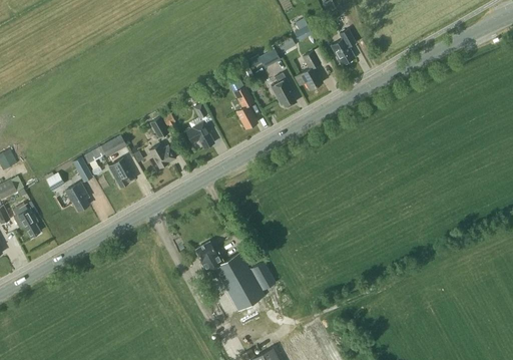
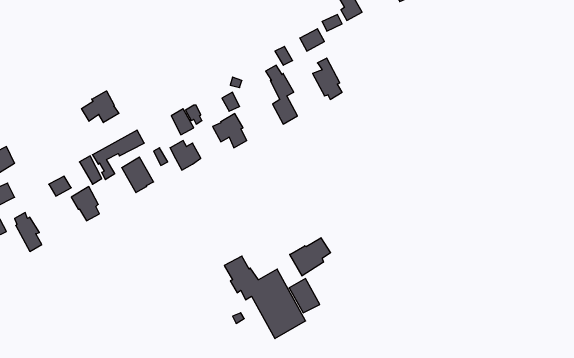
building: [331,29,356,65] -> none
building: [295,50,323,90] -> none
building: none -> [82,91,119,123]
building: none -> [290,238,331,276]

